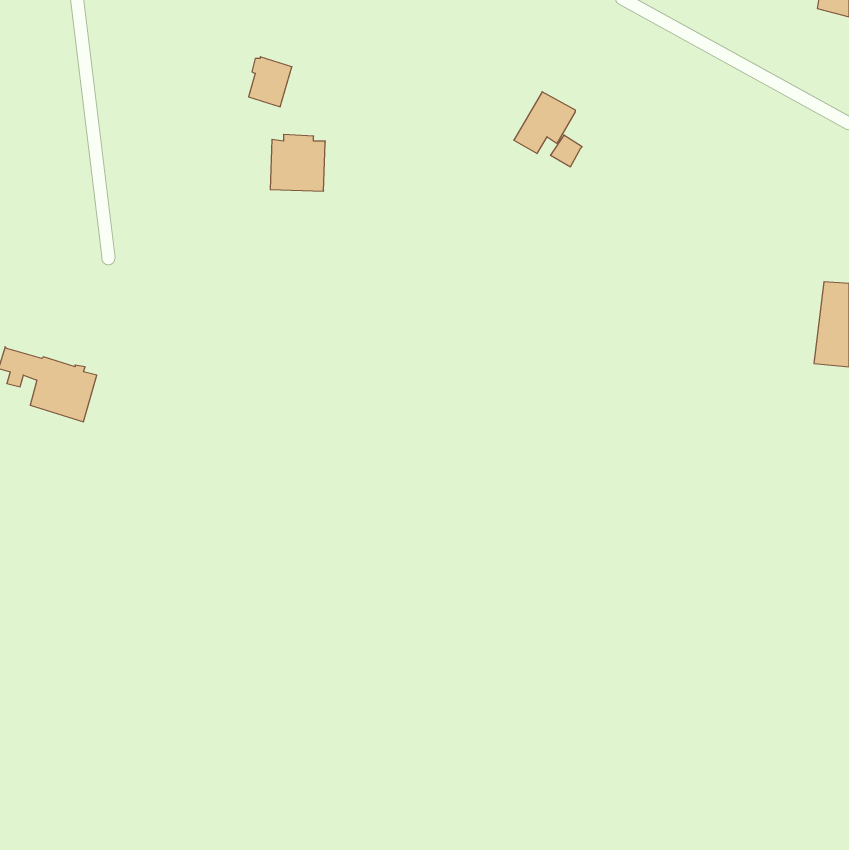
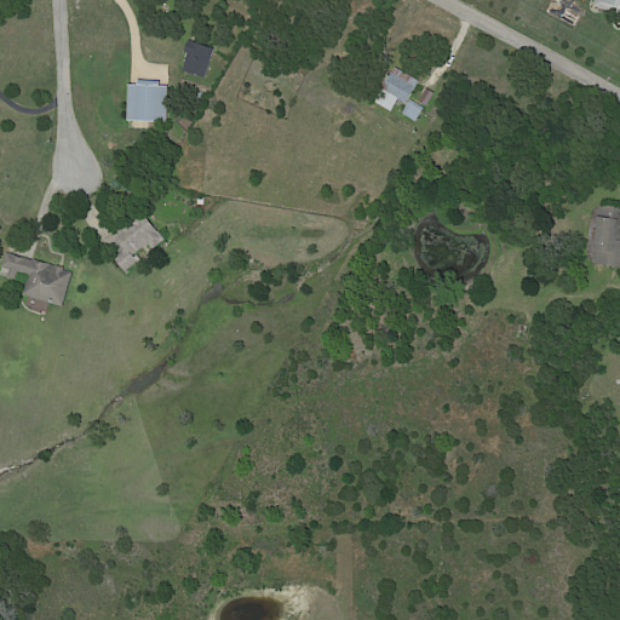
building: [270,134,325,191] -> [127,79,167,120]
building: none -> [111,211,162,272]

